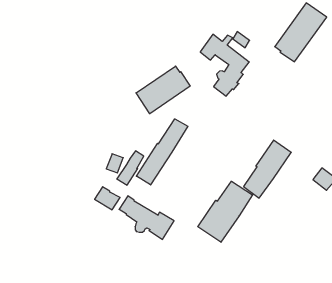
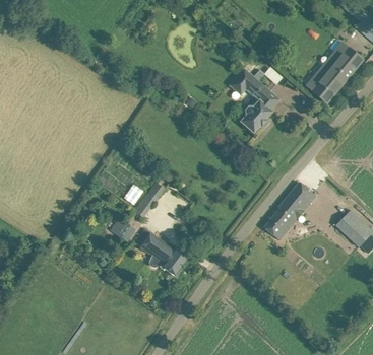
building: [136,66,190,114] -> none
building: [136,119,188,185] -> none
building: [198,181,253,242] -> none

